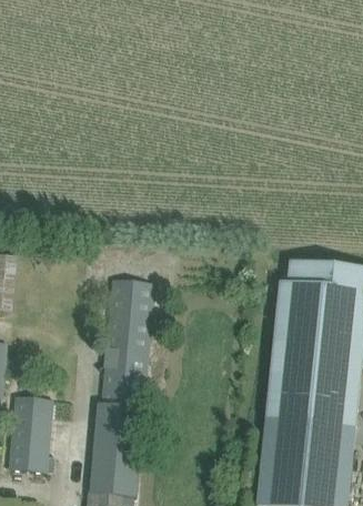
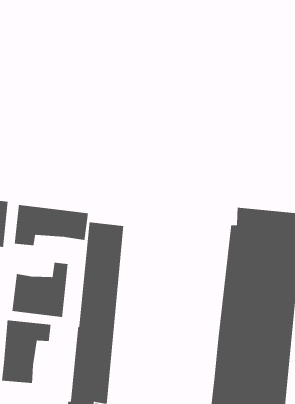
building: none -> [14,204,89,246]
building: none -> [12,262,69,318]

